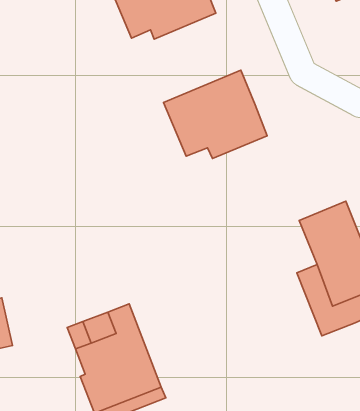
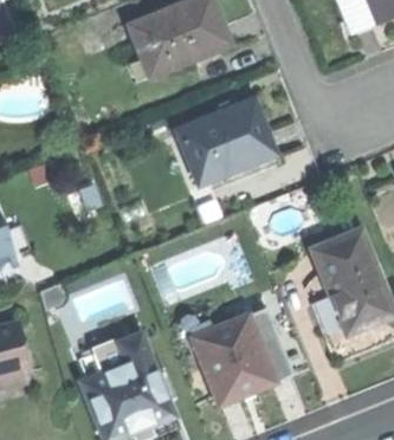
building: none -> [194,315,274,401]

